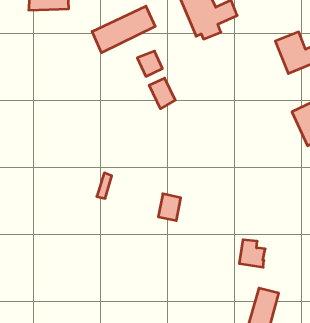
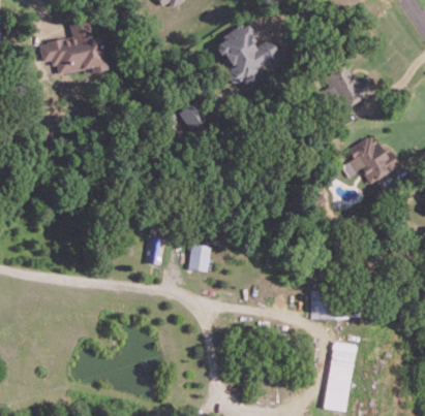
building: [92,6,155,53] -> none
building: [149,78,175,109] -> none
building: [158,194,181,221] -> [188,244,210,270]

